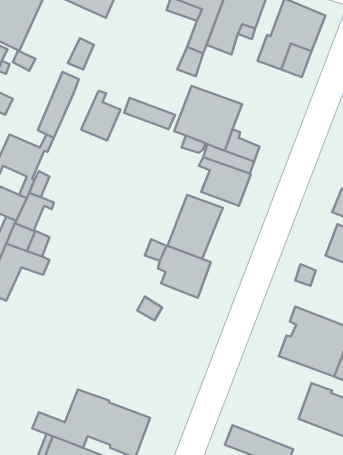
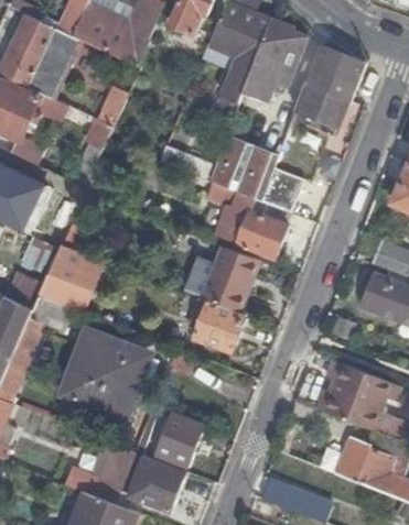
building: [82,91,121,141] -> none
building: none -> [65,331,147,413]
building: none -> [153,412,203,466]

